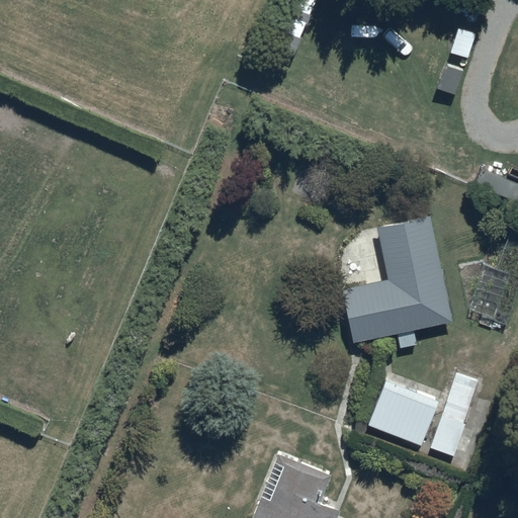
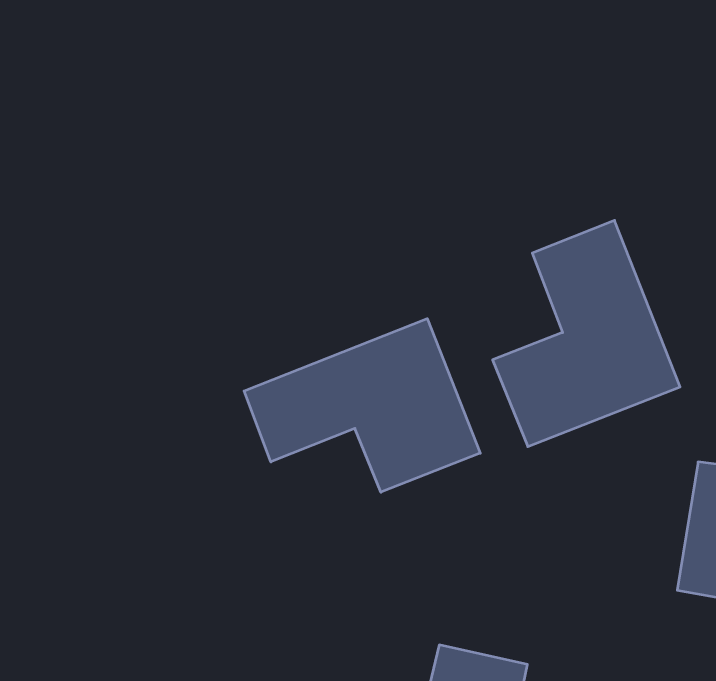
building: none -> [244,319,480,492]
building: [368,381,439,446] -> none

